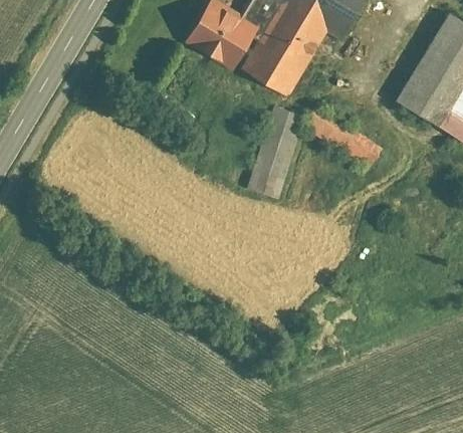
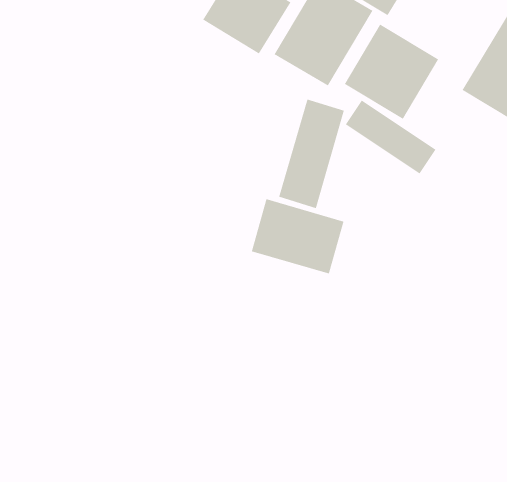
building: none -> [344,24,439,120]
building: none -> [251,198,344,275]

